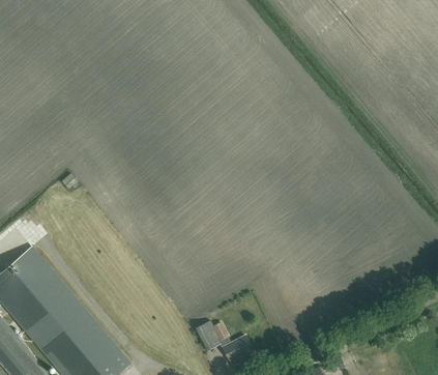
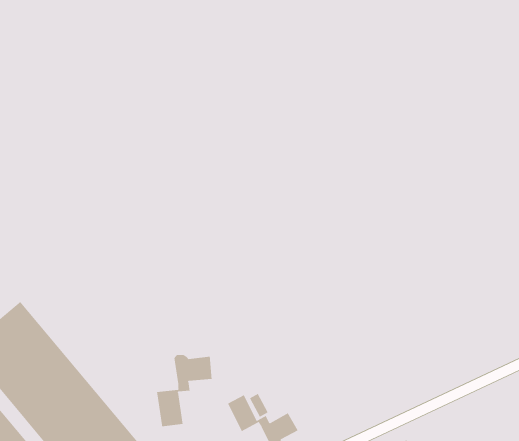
building: none -> [156,354,212,427]

